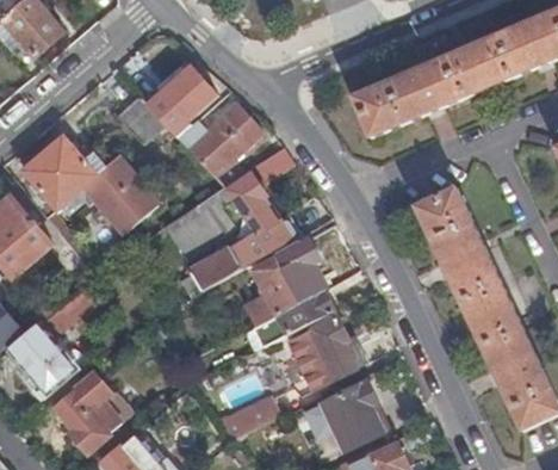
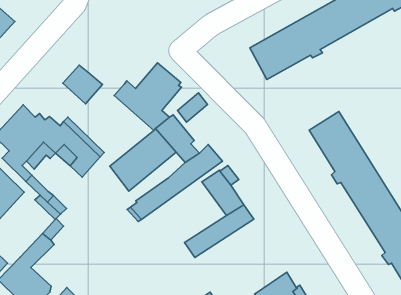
building: [148,64,217,136] -> none
building: [242,255,300,323] -> none
building: [291,316,366,386] -> none

